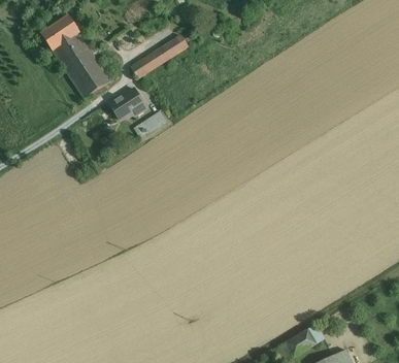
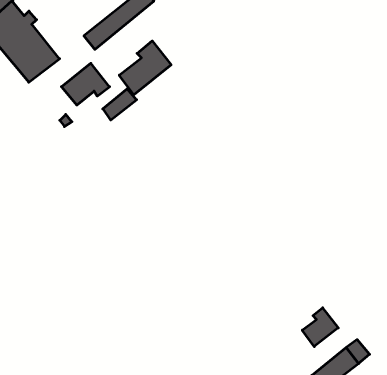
building: none -> [119,41,171,95]
building: none -> [302,308,338,347]

